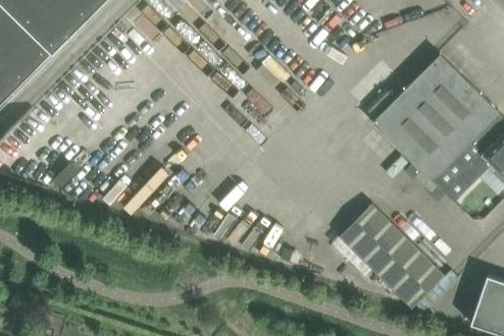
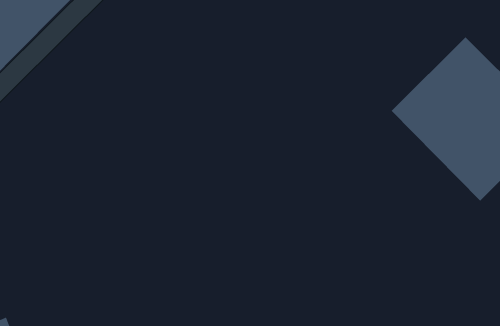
building: [340,205,446,310] -> none

